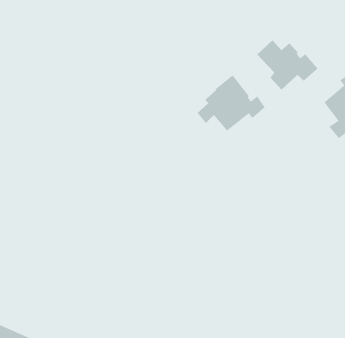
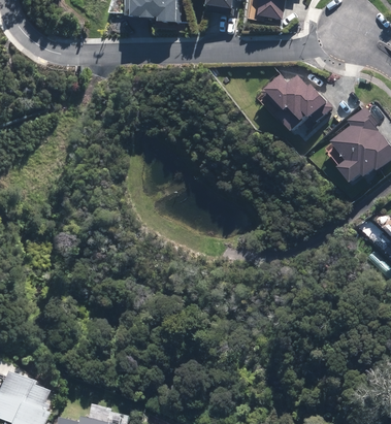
building: [197,74,266,132] -> none

